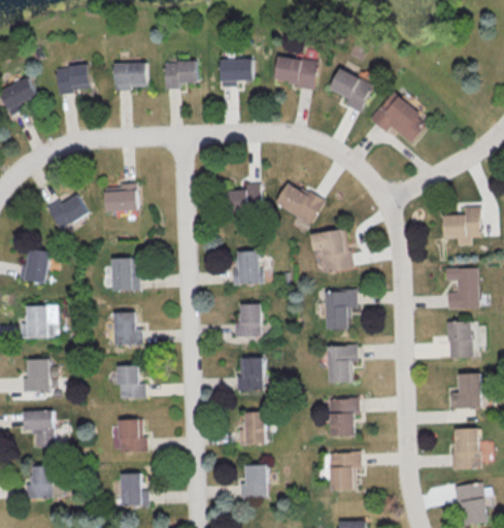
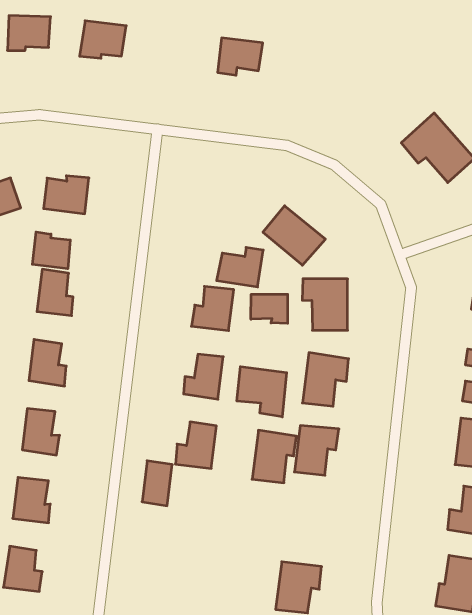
building: [274,55,318,88] -> none
building: [165,61,197,89] -> none
building: [331,69,373,111] -> none
building: [228,183,260,211] -> [217,247,263,287]
building: none -> [32,232,70,269]
building: none -> [251,294,288,323]
building: none -> [237,367,287,417]
building: [329,398,359,436] -> [252,430,297,483]
building: [244,411,265,443] -> [142,461,172,506]
building: [239,465,266,497] -> none

